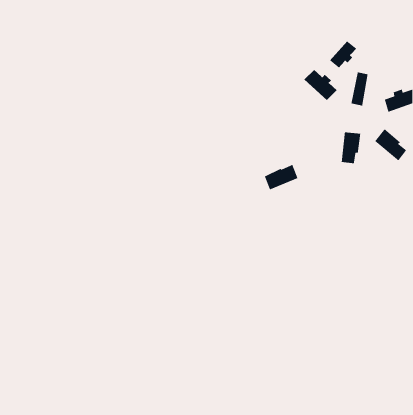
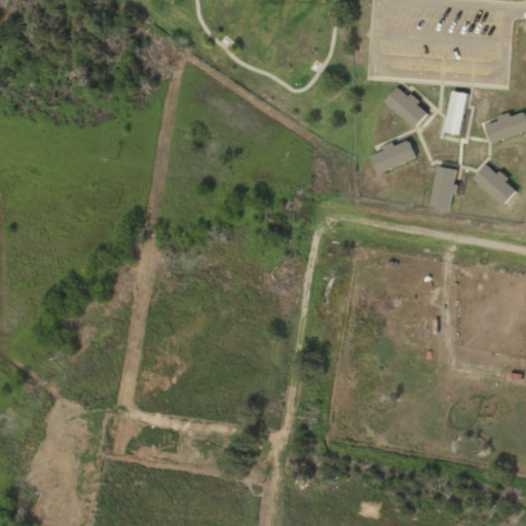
building: [329,40,357,69] -> none
building: [264,164,299,191] -> [371,140,415,174]

